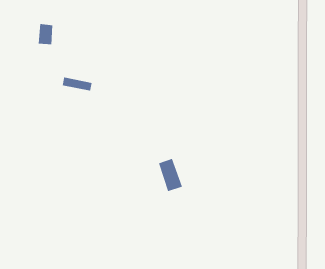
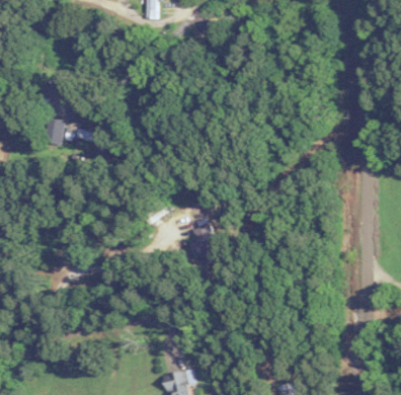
building: [38,24,53,45] -> [46,120,64,145]

